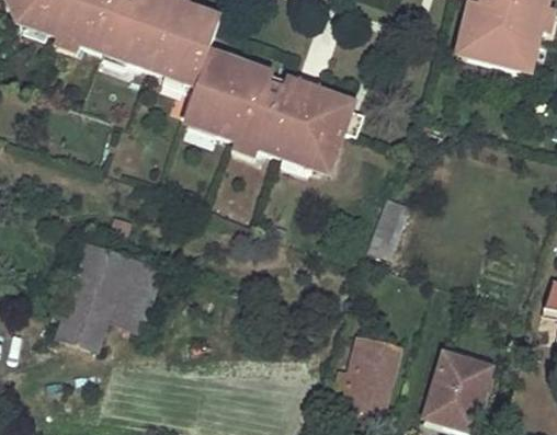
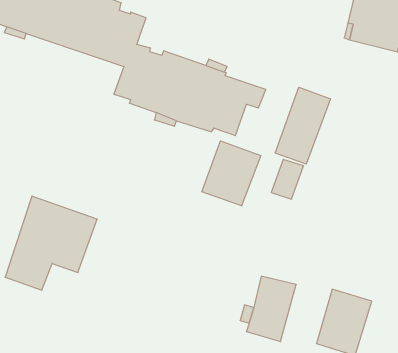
building: none -> [275,87,330,164]
building: none -> [202,141,261,206]

